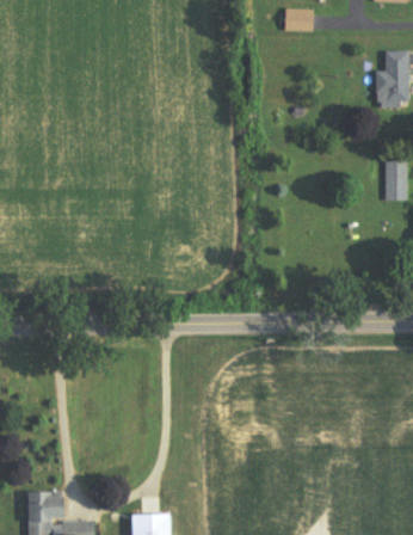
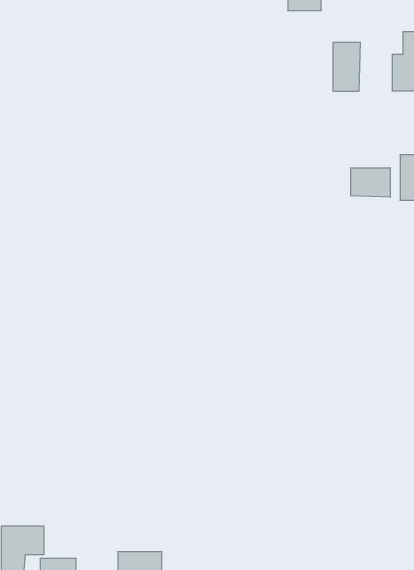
building: none -> [333,42,360,91]
building: none -> [351,168,390,197]

